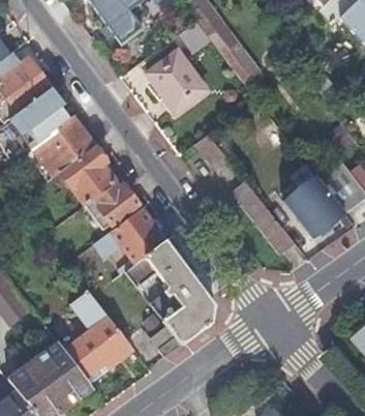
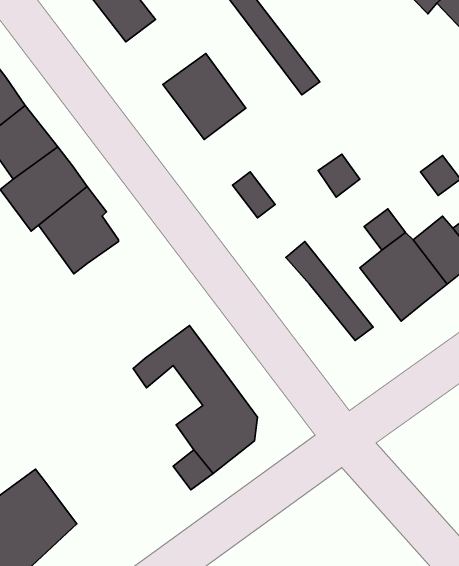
building: [94,182,138,225] -> none
building: [97,207,165,264] -> none
building: [64,289,134,380] -> none

